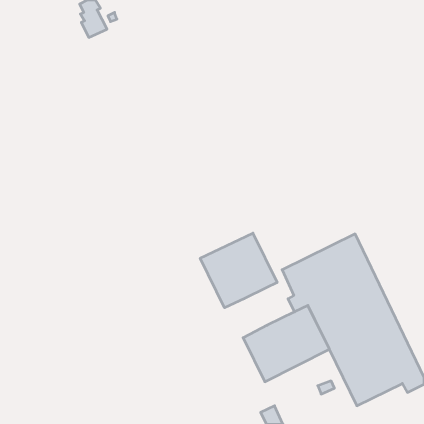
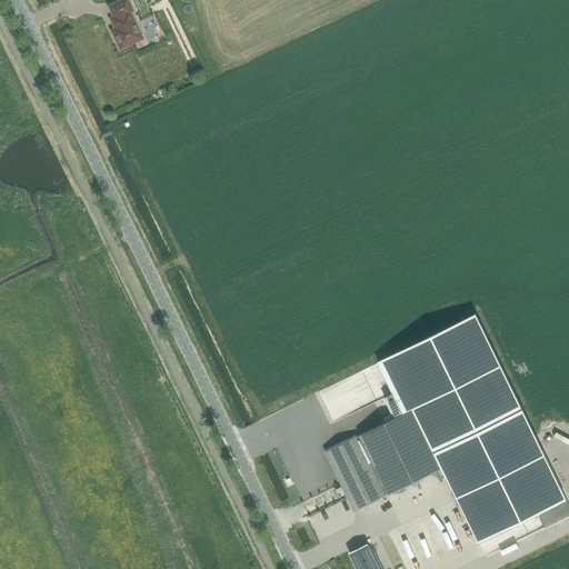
building: [200,233,277,308] -> none

